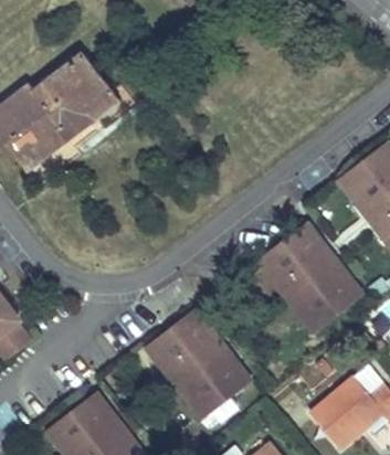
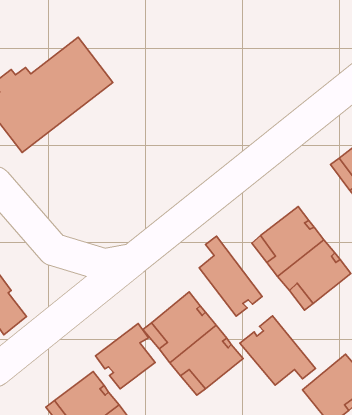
building: none -> [199,236,262,316]
building: none -> [240,316,316,385]
building: none -> [96,324,155,389]

